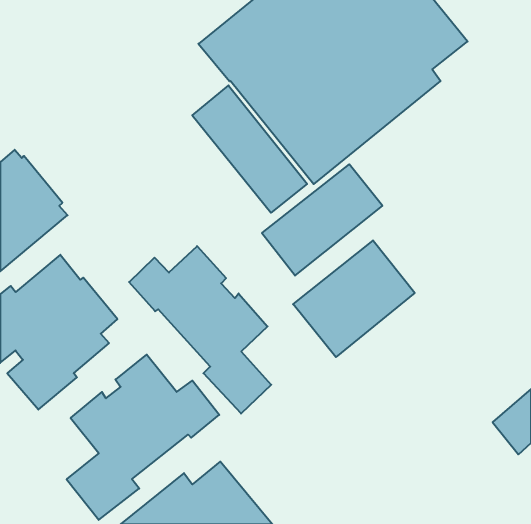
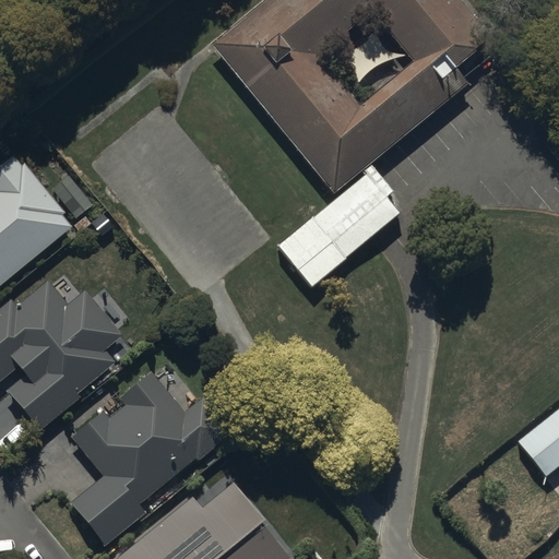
building: [192,85,307,213] -> none
building: [293,240,415,357] -> none
building: [129,246,271,414] -> none

